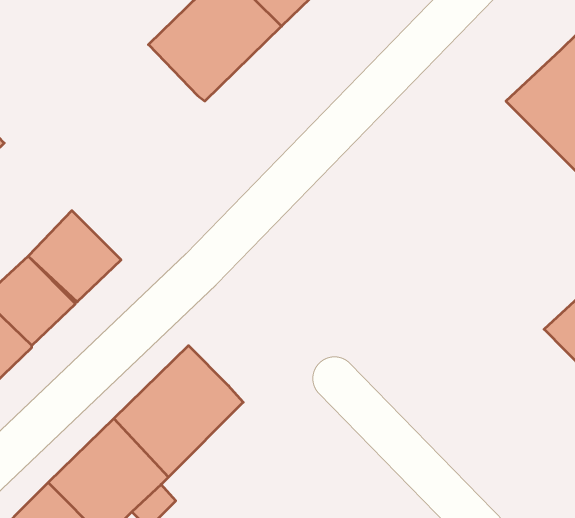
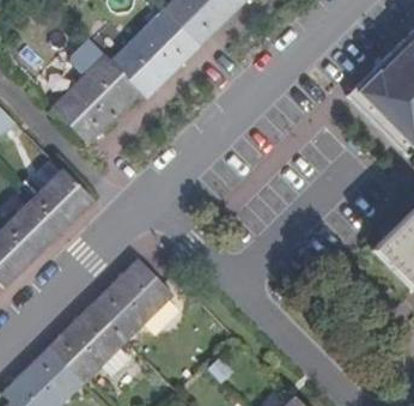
building: none -> [53,36,145,144]

